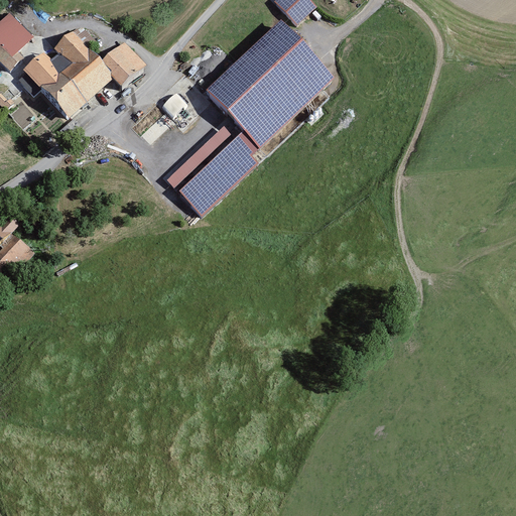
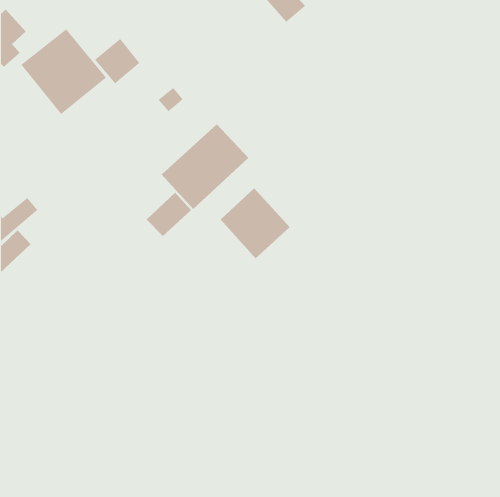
building: [206,22,334,148] -> none
building: none -> [220,188,290,259]
building: none -> [146,192,192,237]

